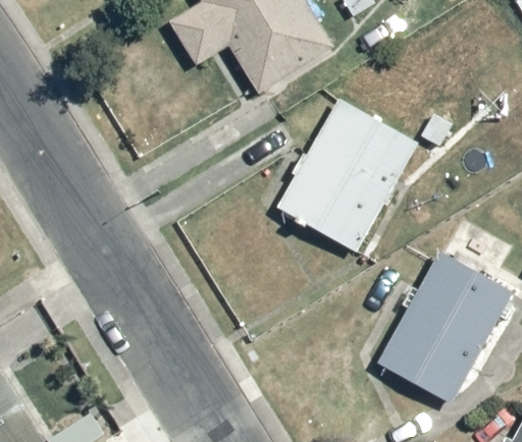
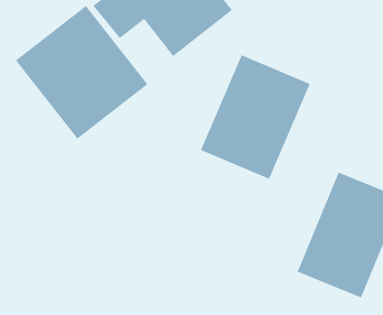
building: none -> [15,5,148,140]

